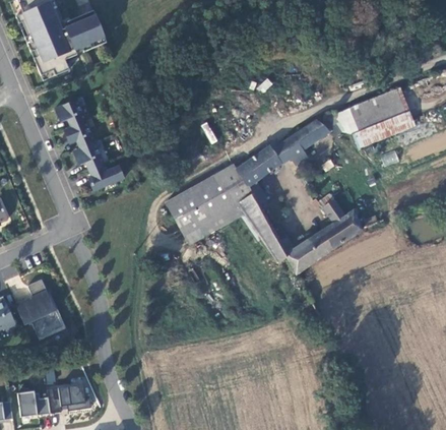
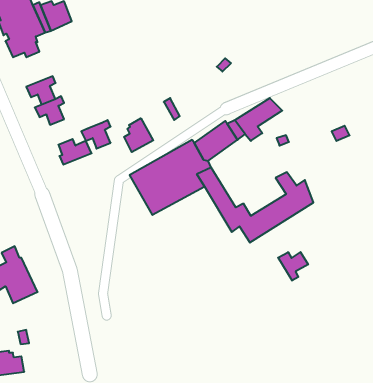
building: [335,87,416,148] -> none
building: [72,139,104,170] -> [81,120,111,149]
building: none -> [124,118,153,152]
building: none -> [278,252,308,281]
building: [48,384,92,413] -> none

